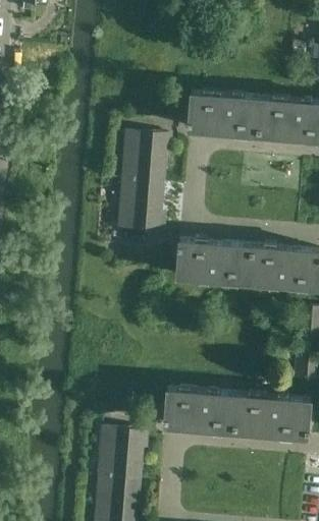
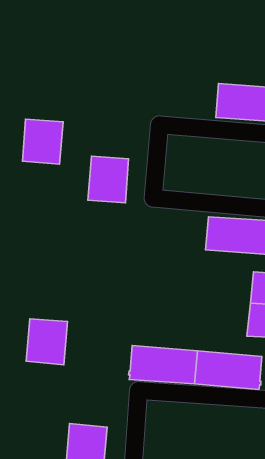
building: [188,94,263,137] -> none
building: [122,133,167,183] -> [23,119,63,164]
building: [177,241,252,284] -> none
building: [98,429,144,480] -> [26,319,68,365]

